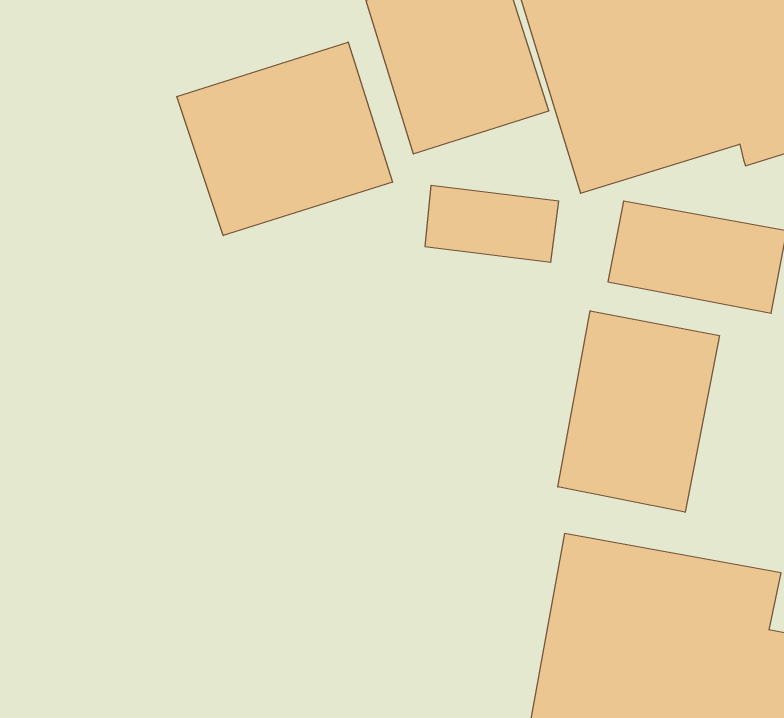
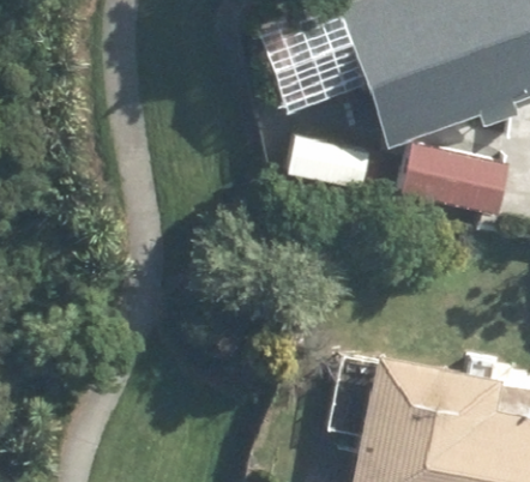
building: [177,42,392,236] -> none
building: [558,311,719,512] -> none

